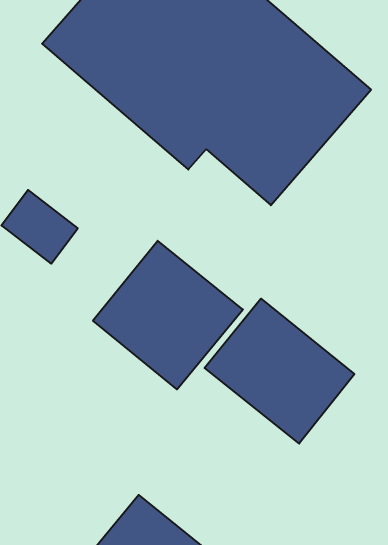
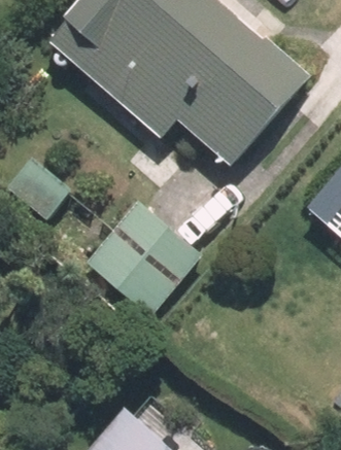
building: [205,299,354,444] -> none

